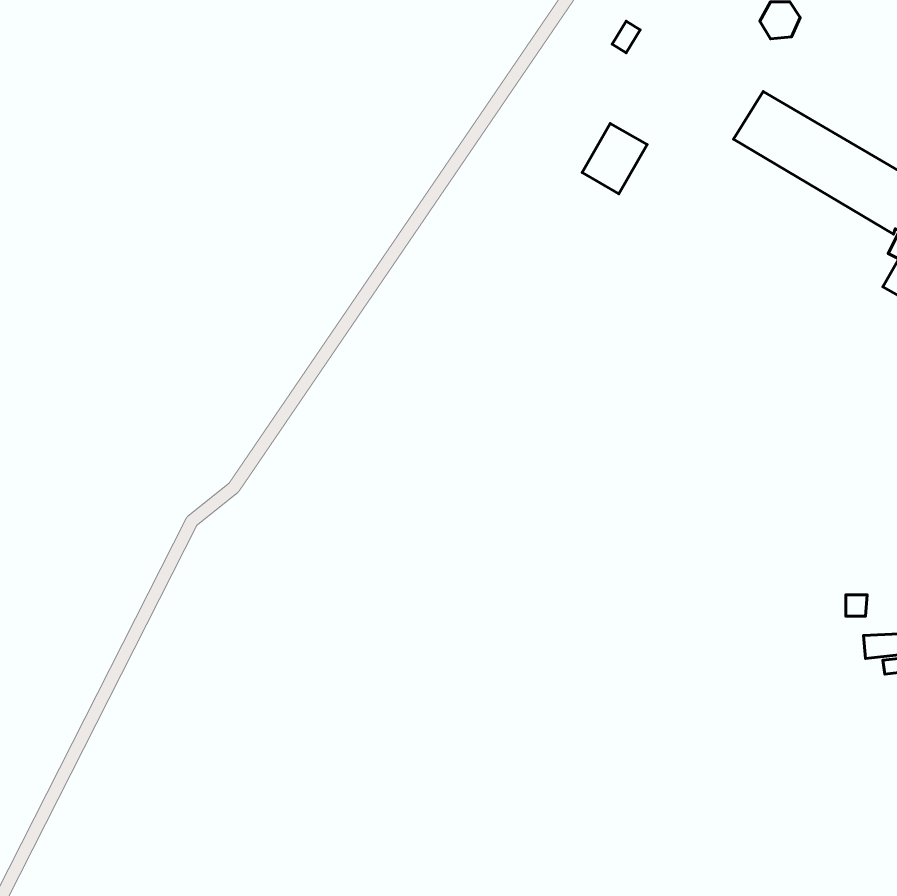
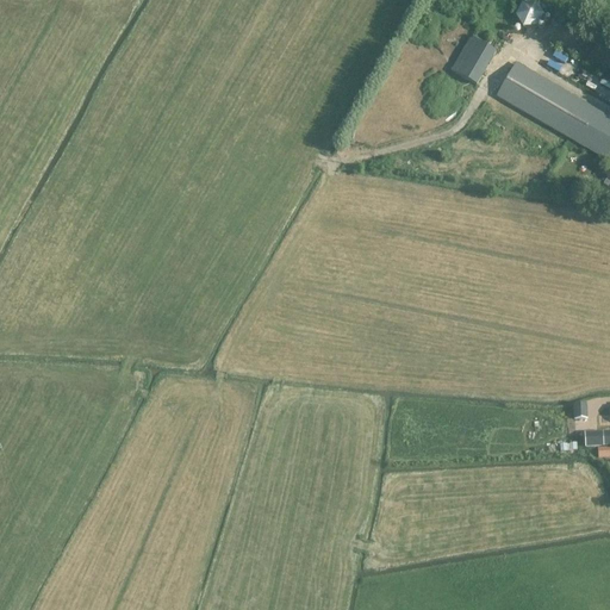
building: [582,123,647,194] -> [453,35,497,82]

